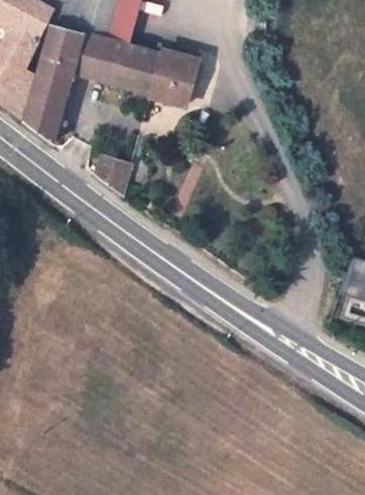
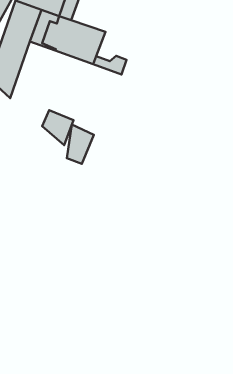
building: [154,50,199,89] -> none
building: none -> [67,124,94,164]

